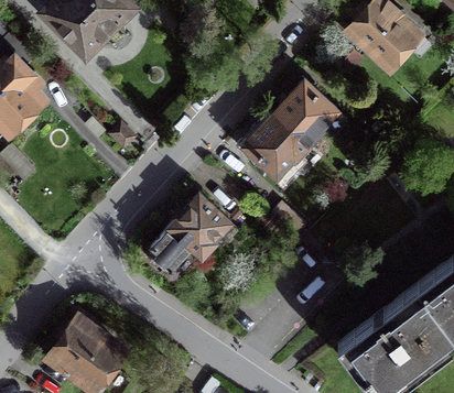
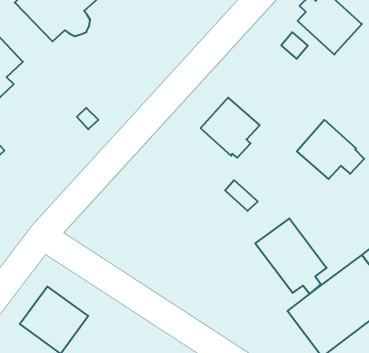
building: [273,80,346,144] -> [297,120,364,179]
building: [150,194,229,273] -> none
building: none -> [255,218,327,294]

